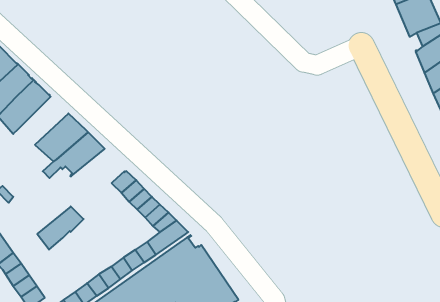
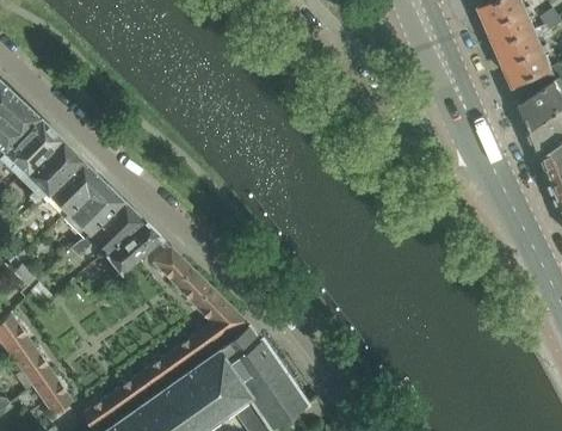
building: none -> [39,159,100,217]
building: [37,206,84,250] -> [104,222,160,275]

